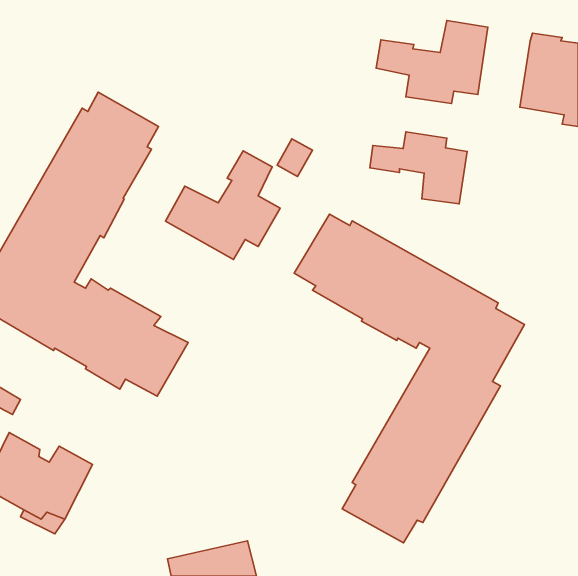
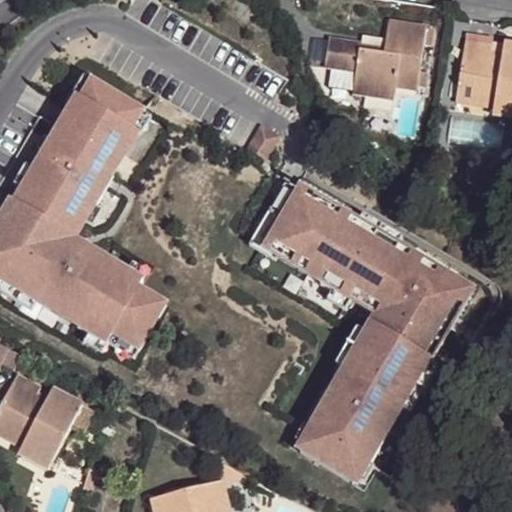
building: [370,132,467,204] -> none
building: [166,151,280,260] -> none

